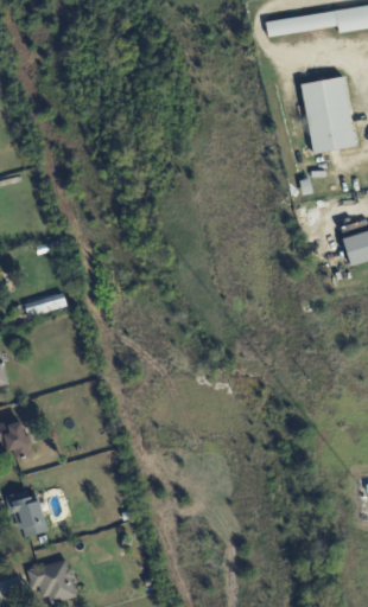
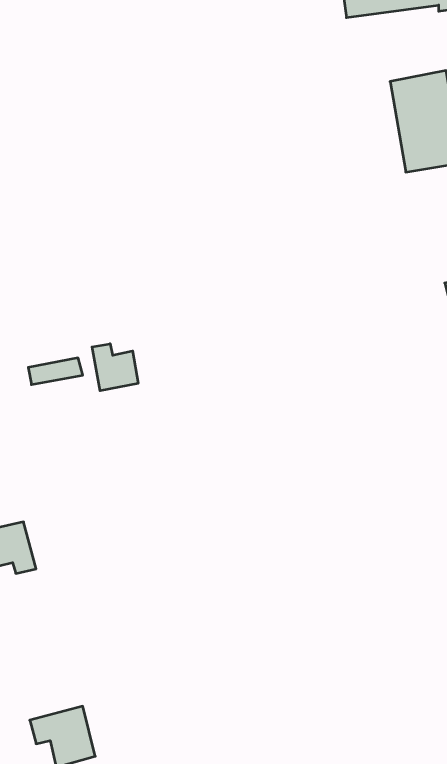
building: none -> [92,344,138,391]
building: [11,491,46,537] -> none

